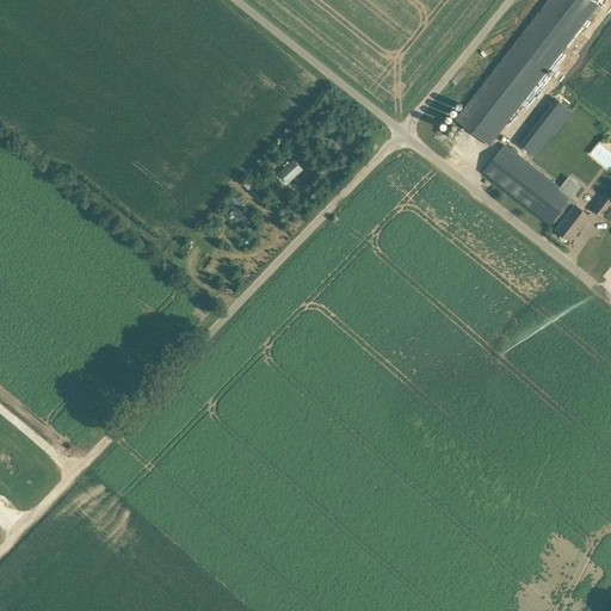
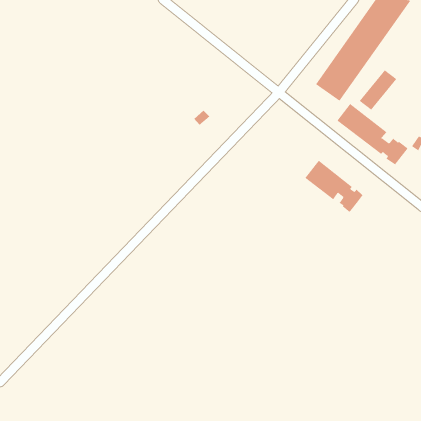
building: none -> [305,160,363,213]

